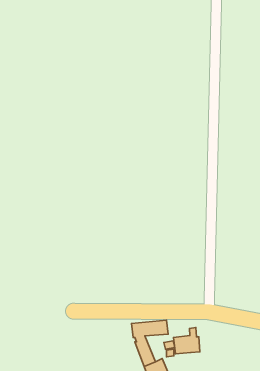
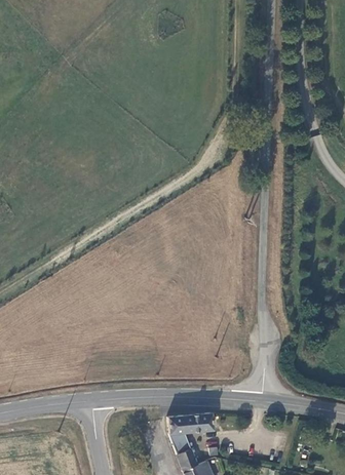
building: [173,327,200,354] -> none

